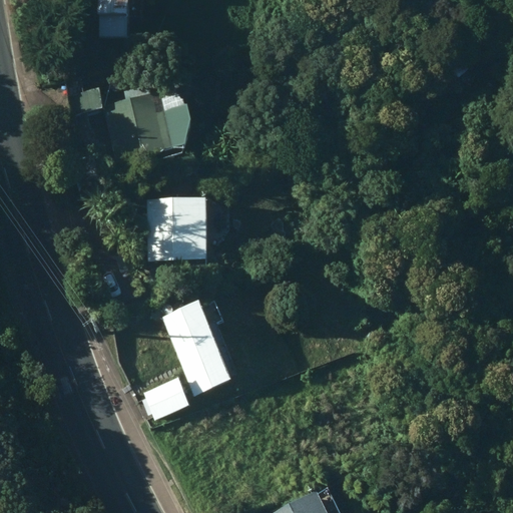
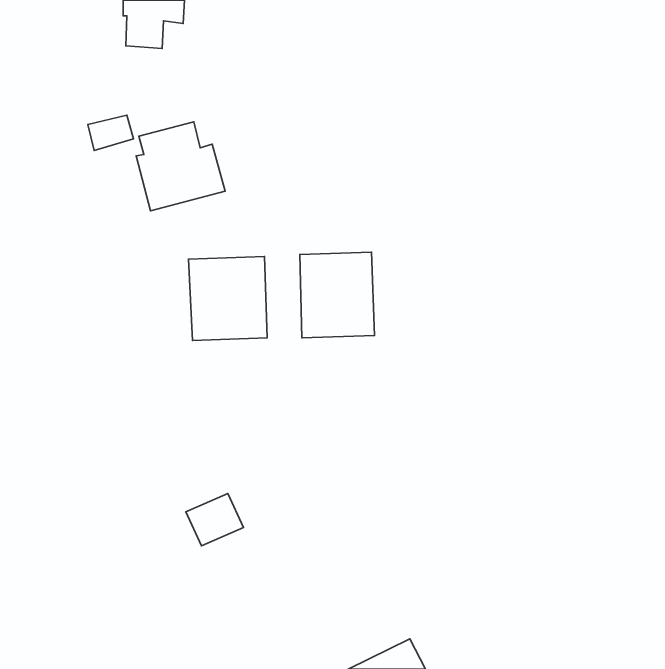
building: none -> [300,252,374,338]
building: [162,299,231,393] -> none

